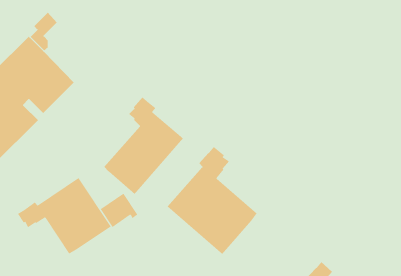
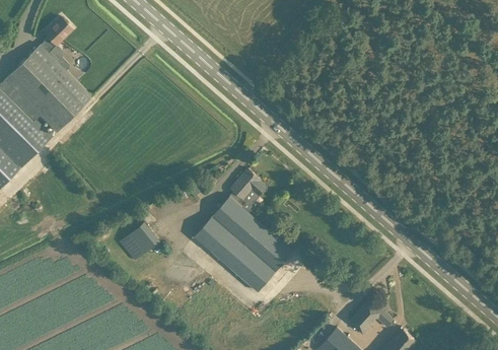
building: [104,97,184,195] -> none
building: [17,177,112,254] -> none

